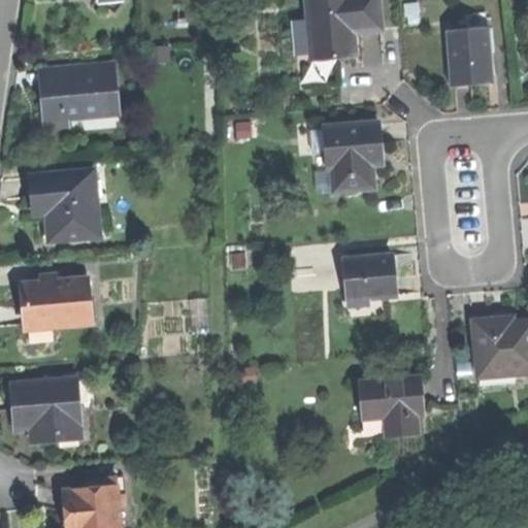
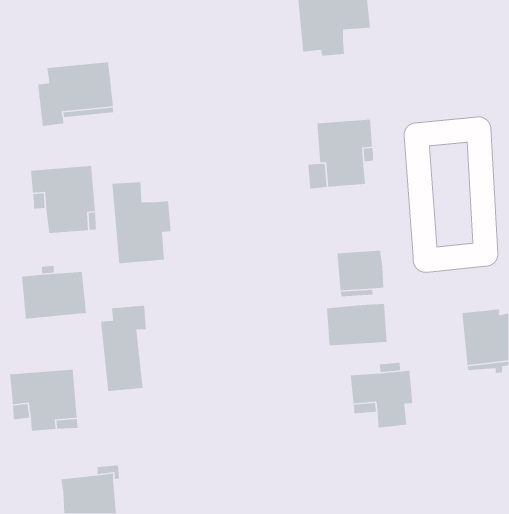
building: [446,26,489,85] -> none
building: none -> [112,181,171,264]
building: none -> [326,303,388,346]
building: none -> [100,305,147,392]

